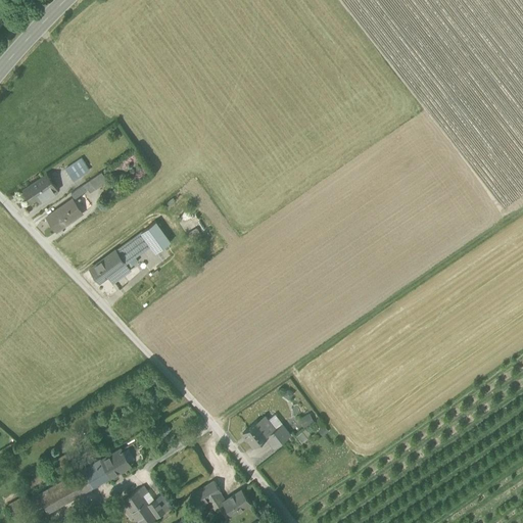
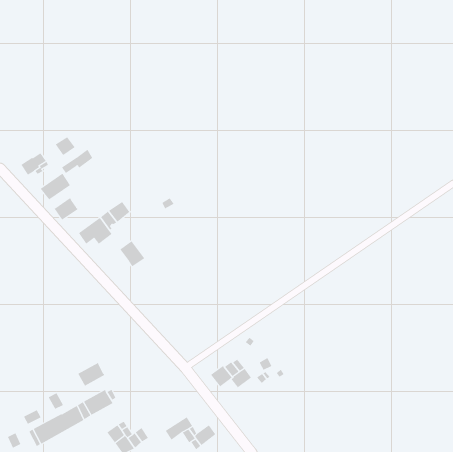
building: [141,223,171,253] -> [119,241,145,267]
building: none -> [54,197,78,221]
building: none -> [77,362,105,387]

